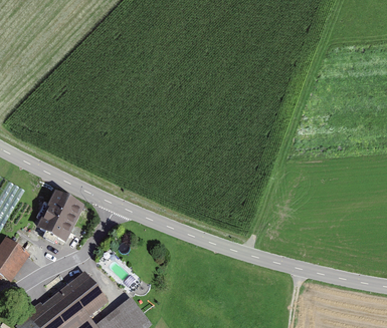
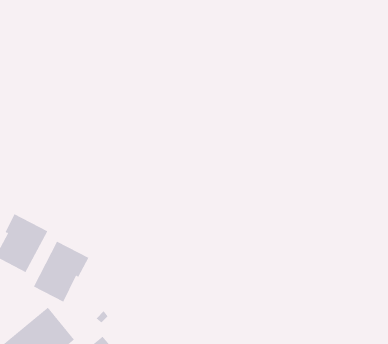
building: none -> [33,241,89,303]

